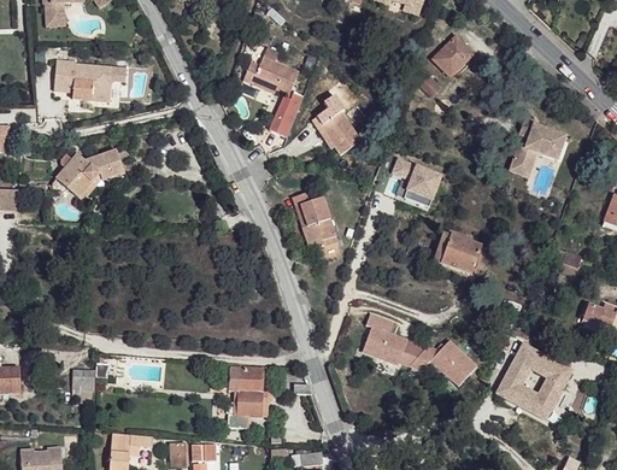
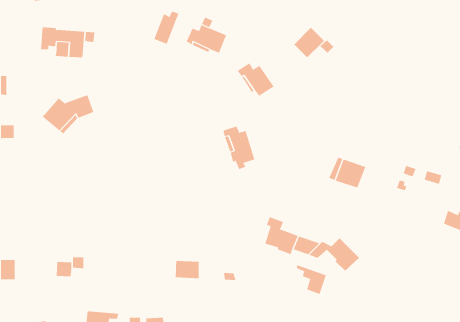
building: [433,36,474,77] -> [294,27,325,58]
building: [270,93,304,137] -> [154,11,179,45]
building: [511,118,568,178] -> none
building: [393,160,441,208] -> none
building: [494,343,572,422] -> none
building: none -> [296,264,327,295]
building: [227,390,272,427] -> none

